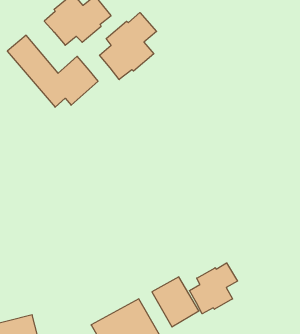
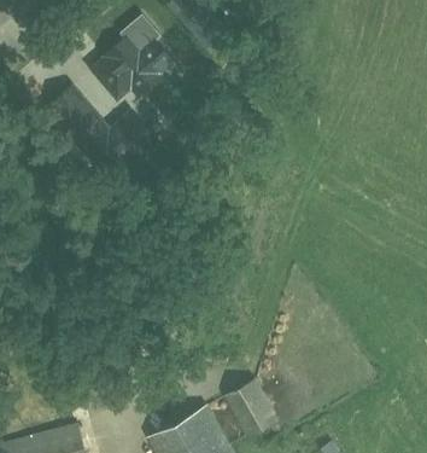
building: [100,13,157,80] -> none
building: [189,263,238,314] -> none

